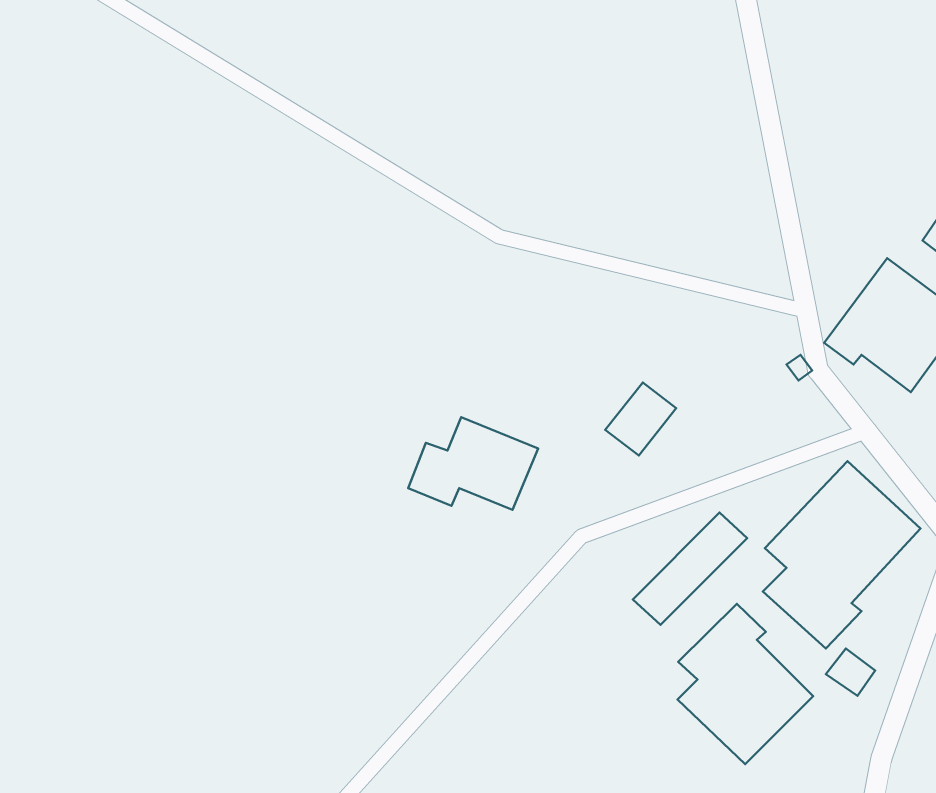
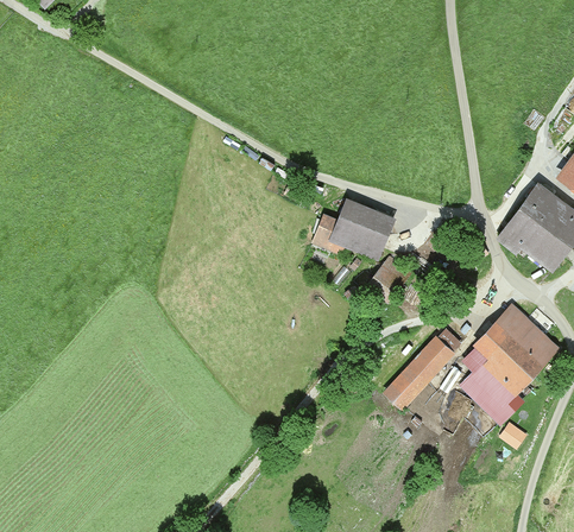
building: [408,417,538,510] -> [315,201,393,256]
building: [677,604,813,764] -> none

